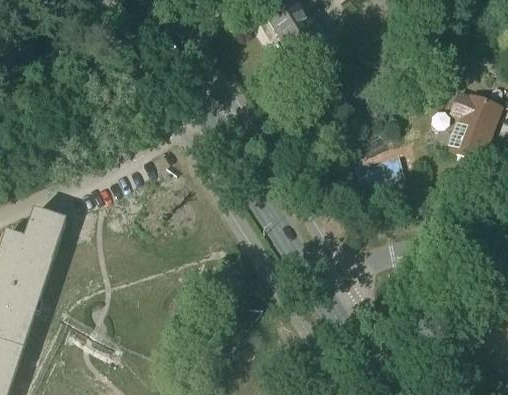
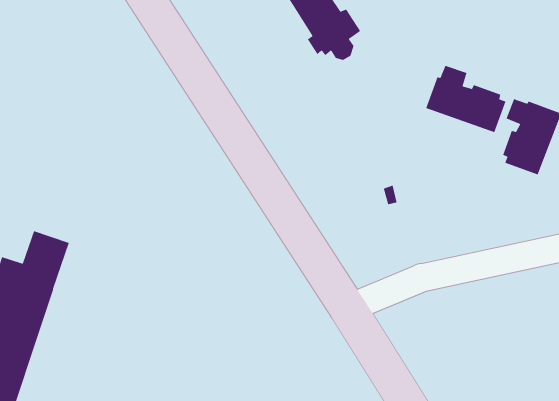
building: none -> [425,65,507,133]

